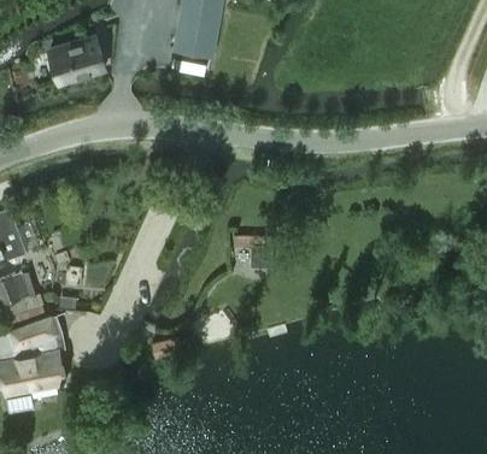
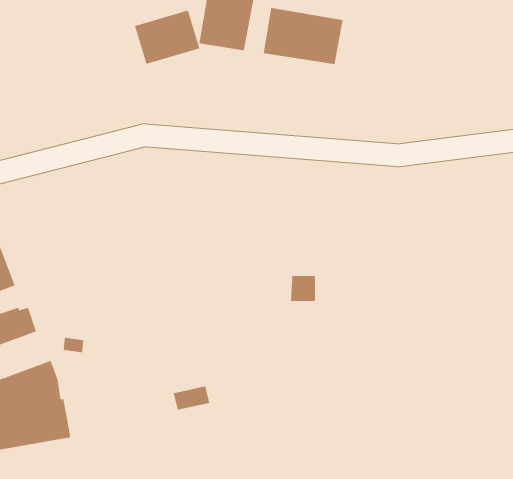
building: none -> [263,7,343,65]
building: [49,36,105,82] -> [134,10,200,64]

